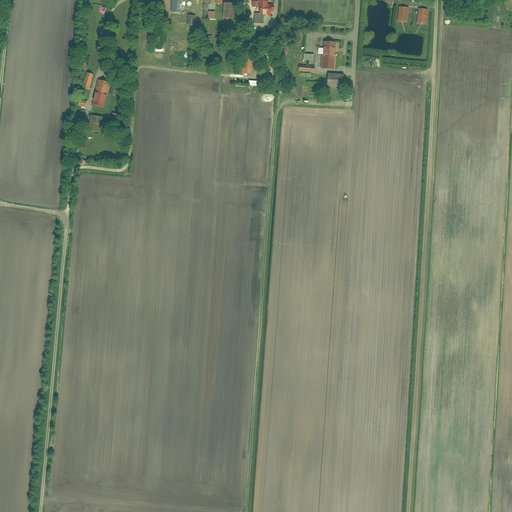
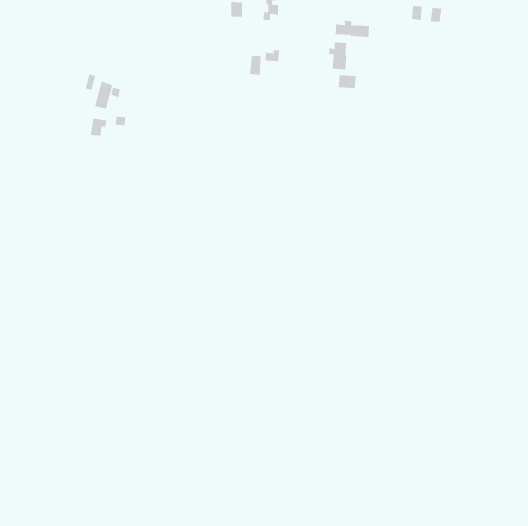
building: none -> [335,20,370,38]

